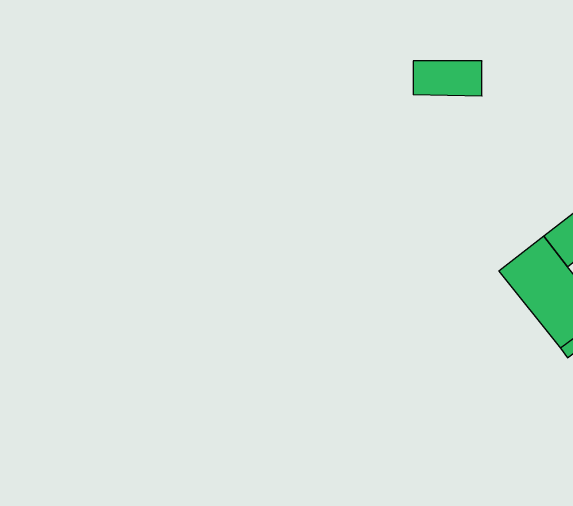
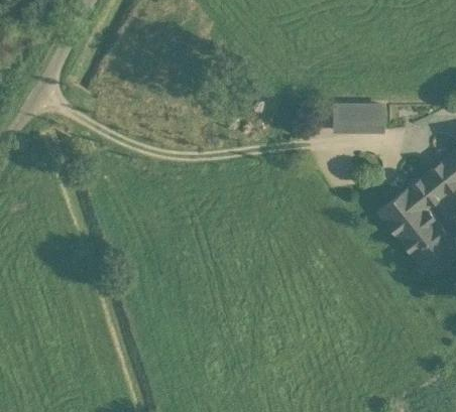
building: [413,61,482,96] -> [334,108,383,133]

